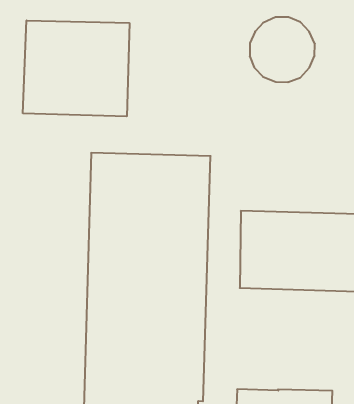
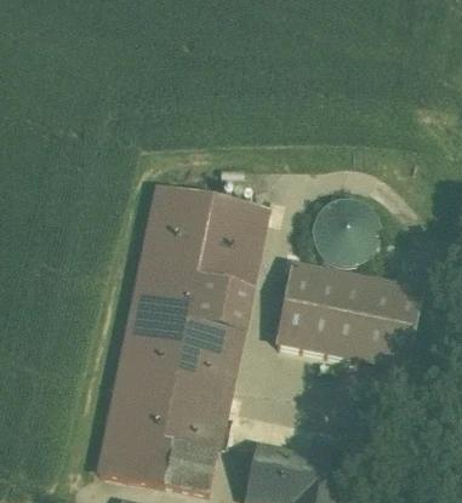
building: [250,17,315,82] -> [314,199,382,267]
building: [23,20,129,116] -> none

